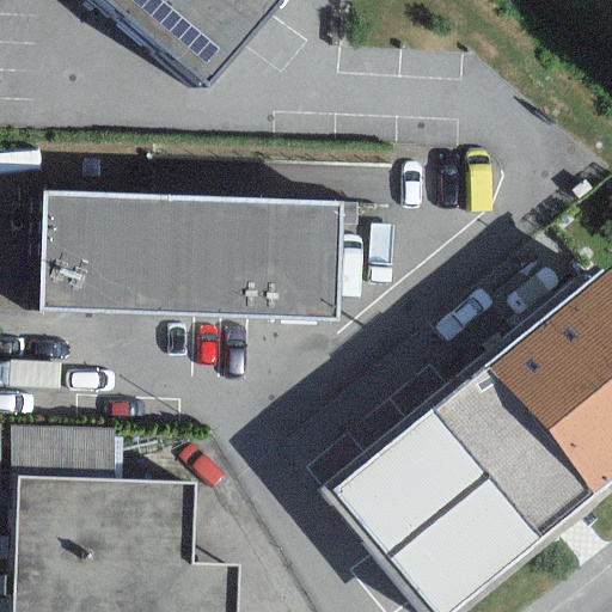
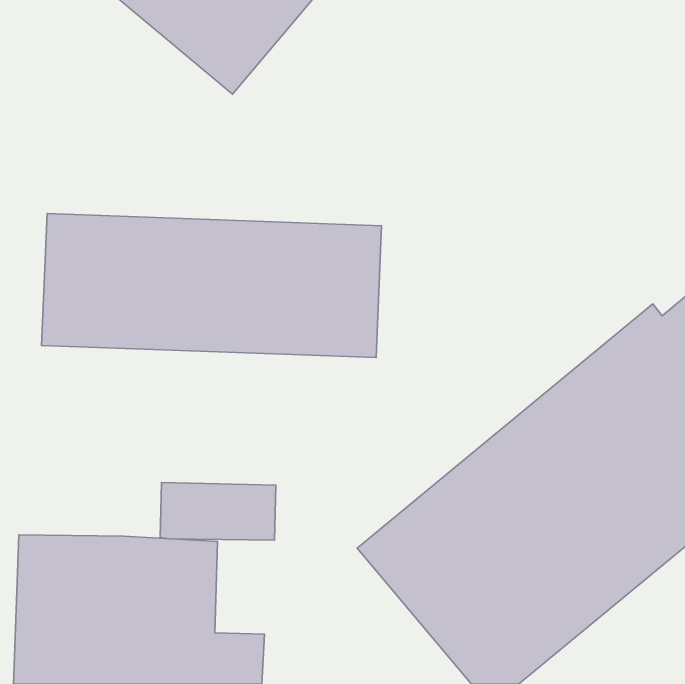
building: [10,426,112,477] -> [160,482,276,540]

